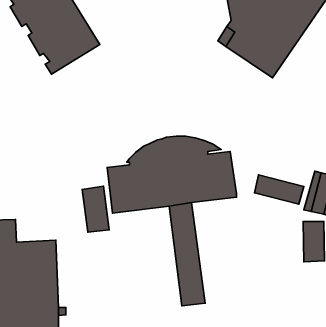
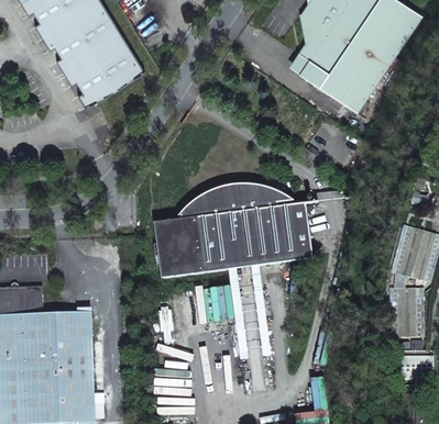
building: [255,175,304,204] -> none
building: [82,186,109,232] -> none

